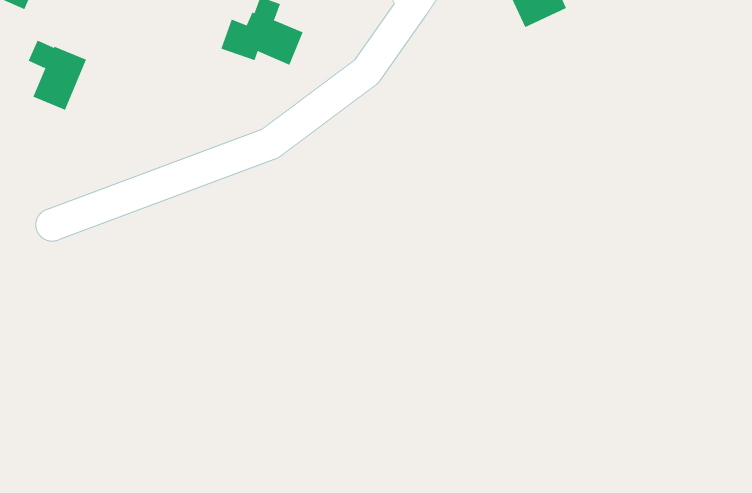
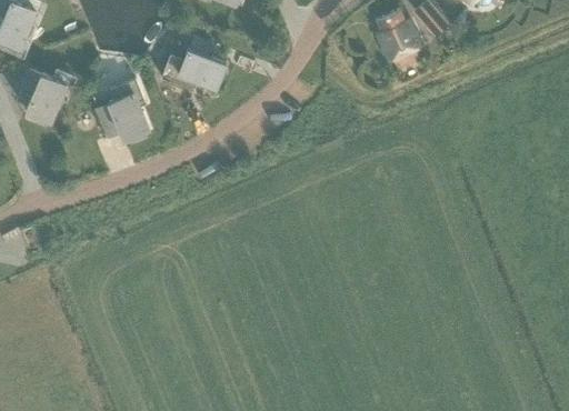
building: none -> [98,78,149,139]

